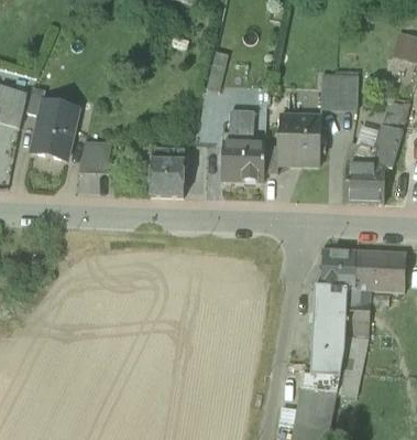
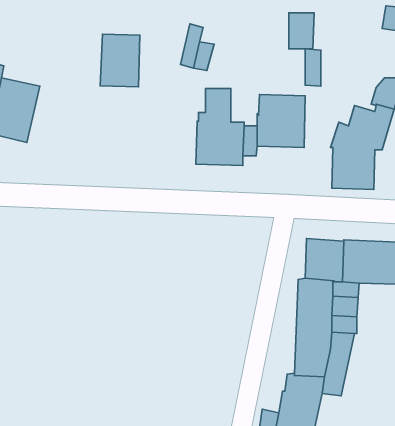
building: [336,75,359,108] -> [289,13,314,49]
building: [78,140,111,172] -> none
building: [149,148,185,196] -> [100,34,140,87]

